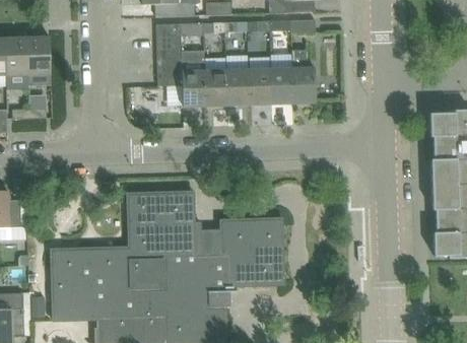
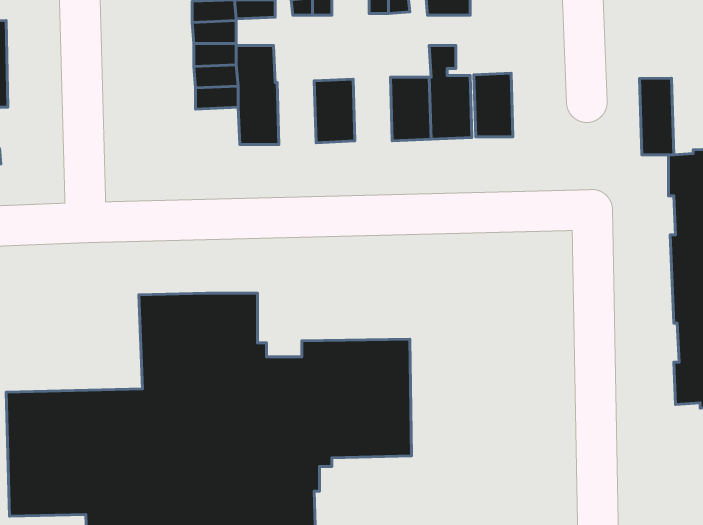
building: [249,68,271,105] -> [474,73,513,137]
building: none -> [640,78,674,155]
building: [205,70,227,107] -> none

